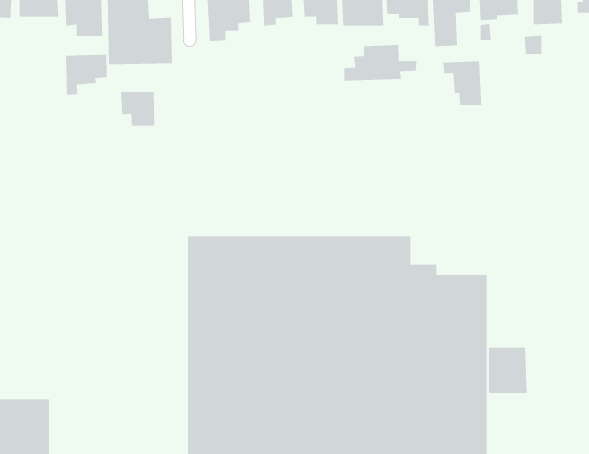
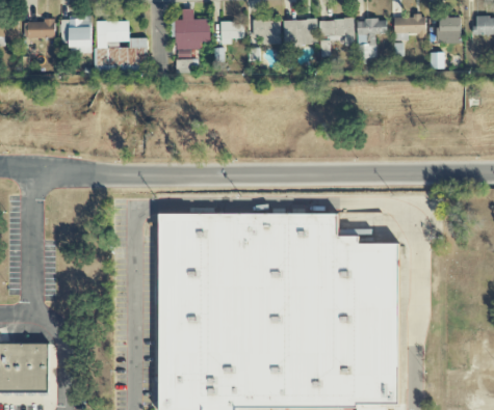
building: [344,44,417,81] -> none
building: [66,54,107,96] -> none
building: [443,61,482,106] -> none
building: [121,91,155,126] -> none
building: [488,347,527,394] -> none

